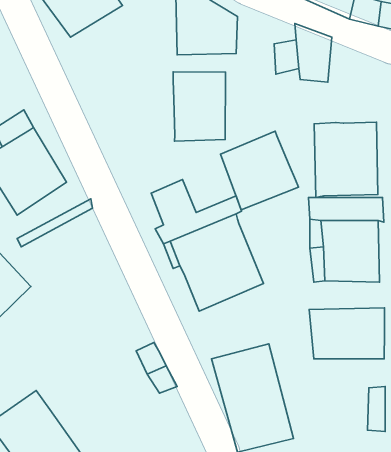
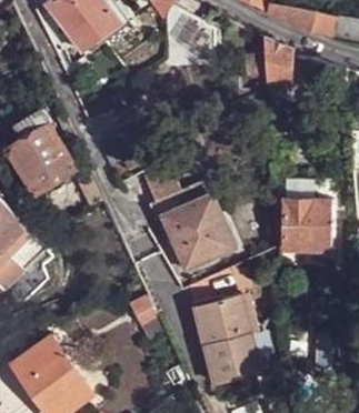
building: [173,72,226,141] -> none
building: [314,122,378,197] -> none
building: [221,131,298,210] -> none
building: [309,308,384,359] -> none

